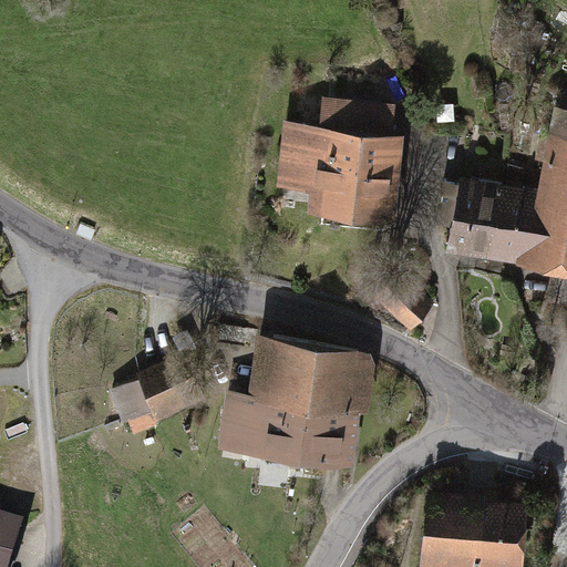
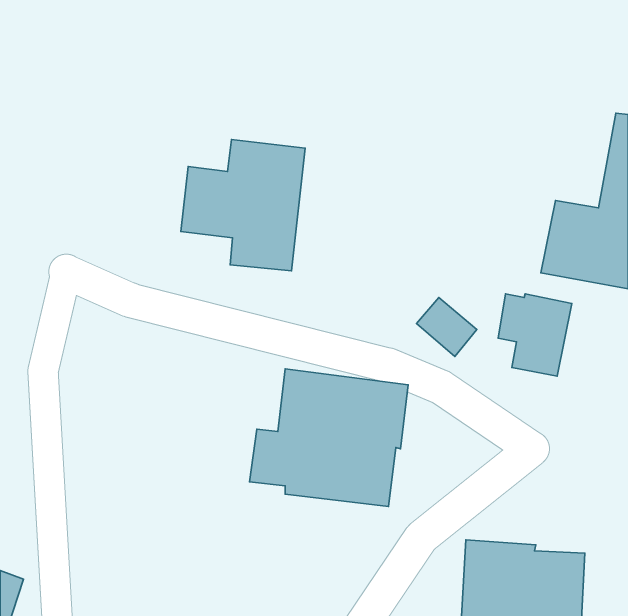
building: [280,103,392,221] -> [181,139,305,271]
building: [434,183,501,257] -> [498,294,572,376]
building: [115,363,199,424] -> none

